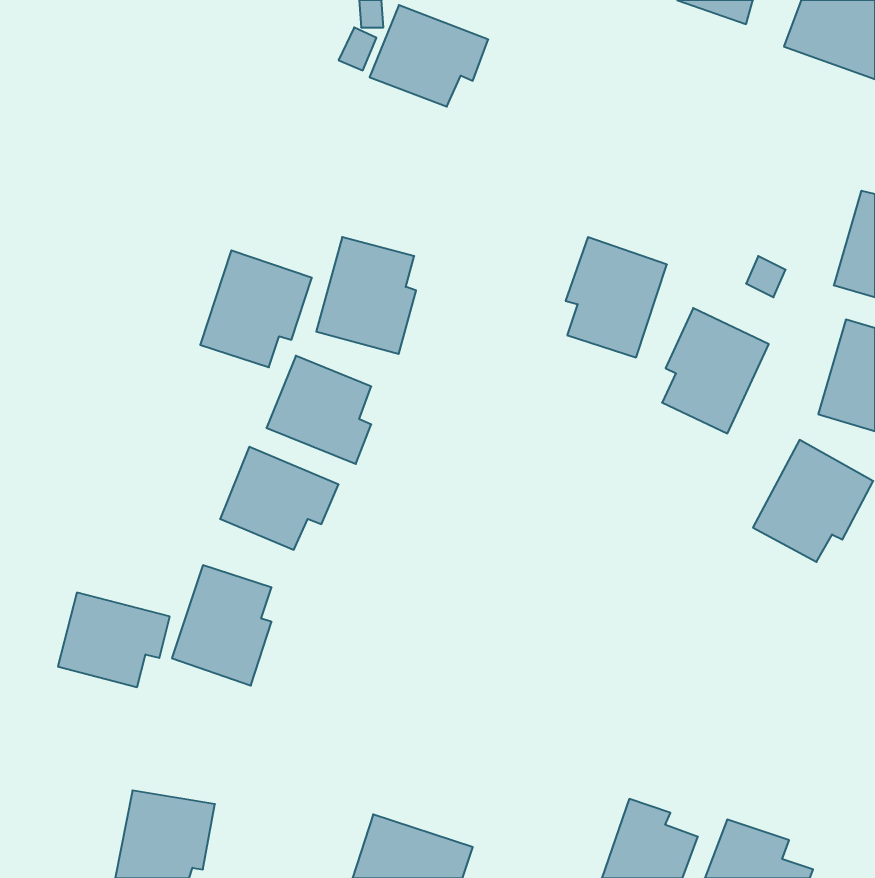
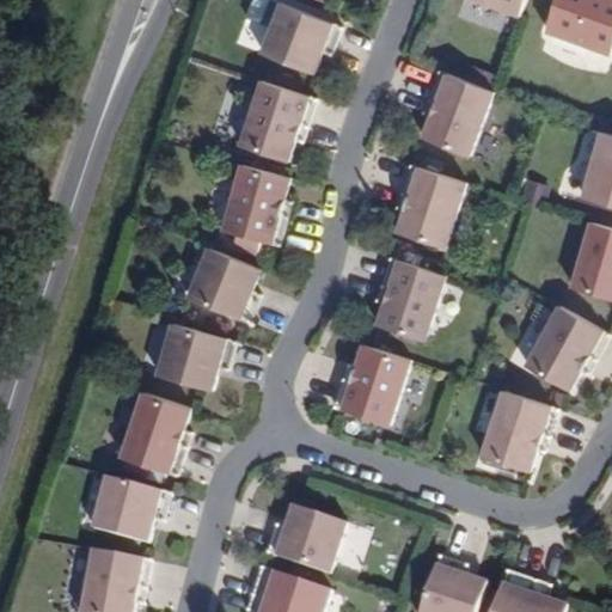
building: none -> [421,73,492,158]
building: [200,250,312,367] -> [237,80,314,161]
building: [662,308,769,433] -> [372,246,446,333]
building: none -> [332,345,409,427]
building: none -> [479,391,556,472]
building: [58,593,170,687] -> [92,477,170,543]
building: none -> [265,504,345,574]

